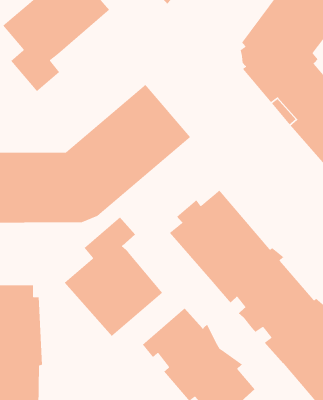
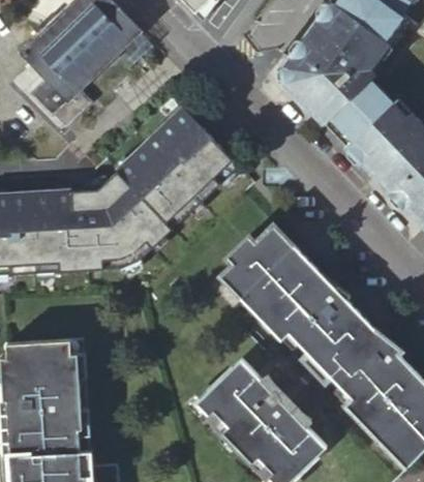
building: [64,216,163,337] -> none

